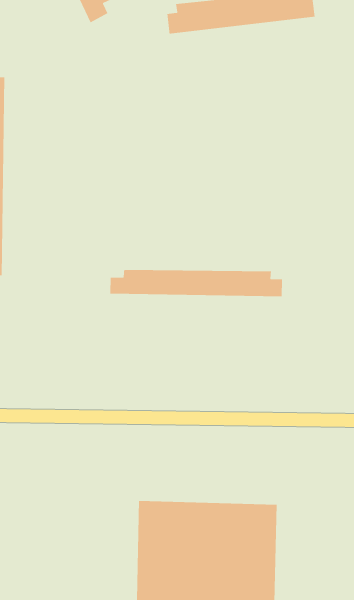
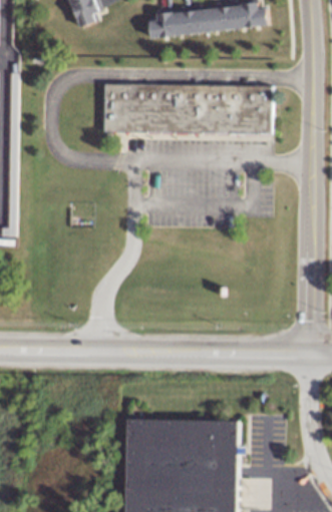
building: none -> [103,85,272,134]
building: [109,269,283,297] -> none

